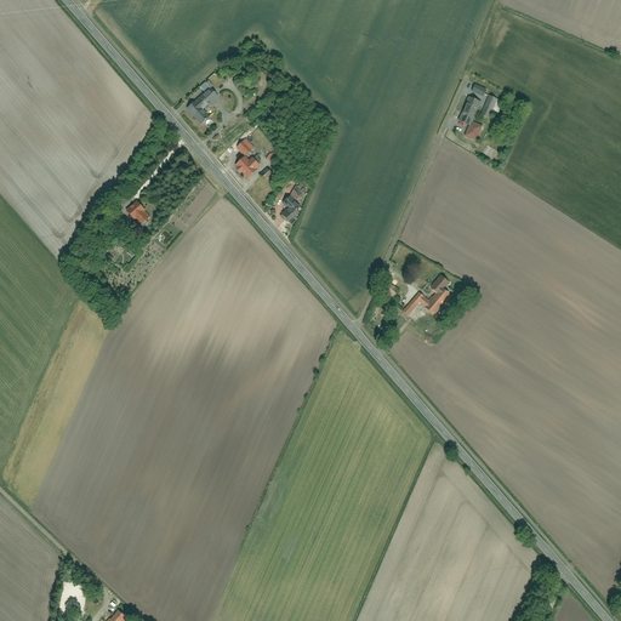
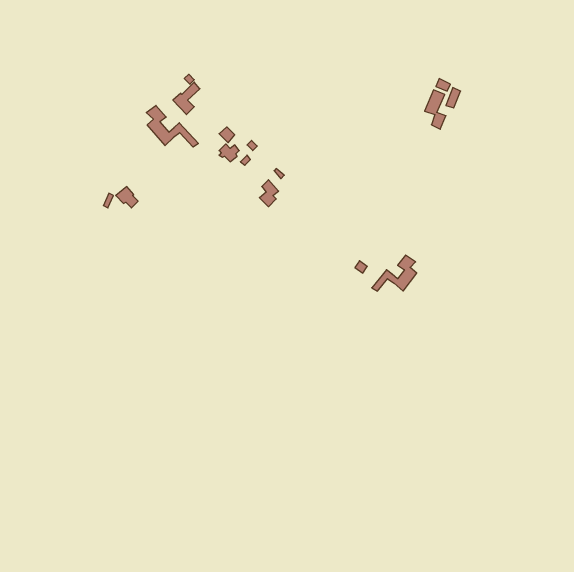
building: none -> [146,105,198,147]

